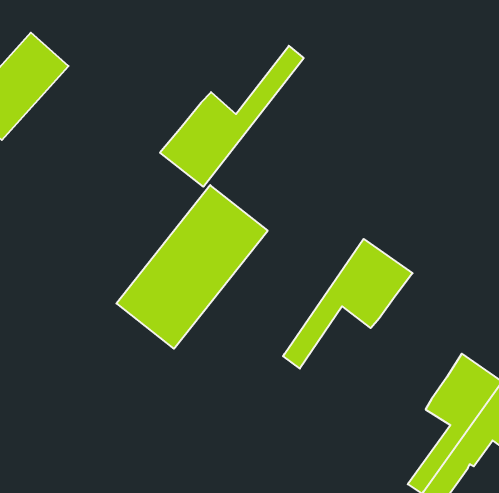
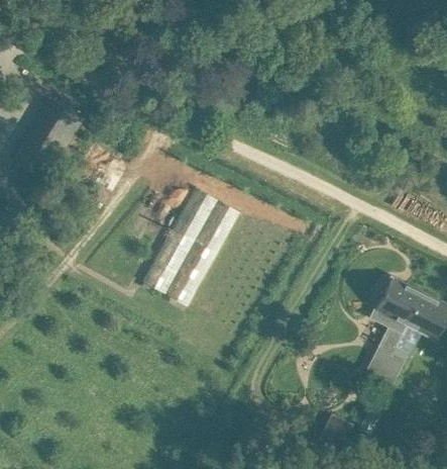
building: [160,46,304,187] -> none
building: [283,239,413,369] -> none

